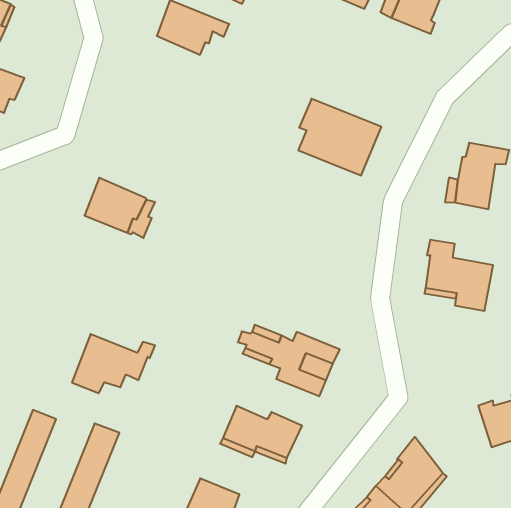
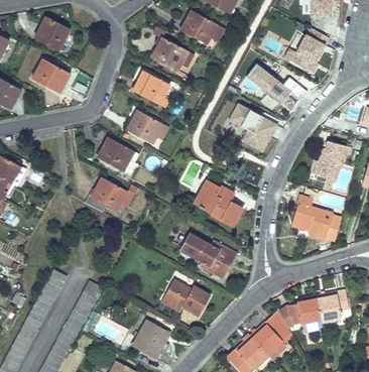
building: none -> [246,64,306,111]
building: none -> [132,70,170,108]
building: none -> [126,110,163,143]
building: none -> [195,180,242,225]
building: [72,334,155,393] -> [87,176,138,212]
building: none -> [296,295,321,324]

